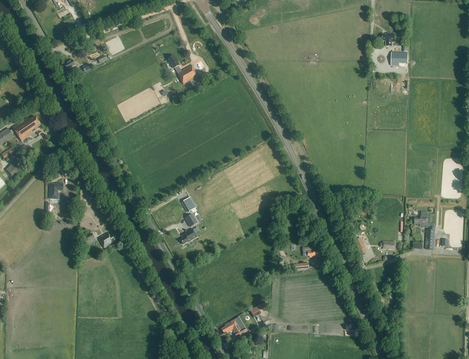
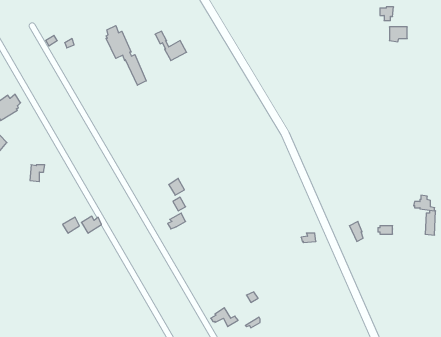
building: none -> [106,26,146,85]

